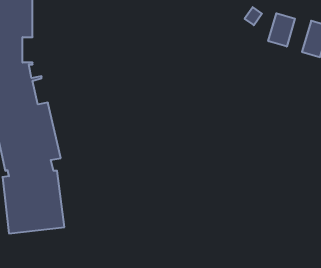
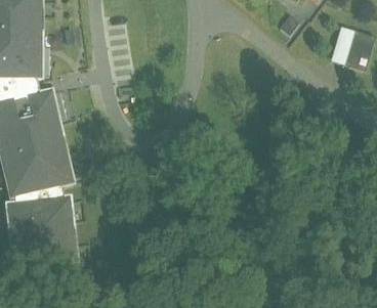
building: [268,13,295,47] -> none

